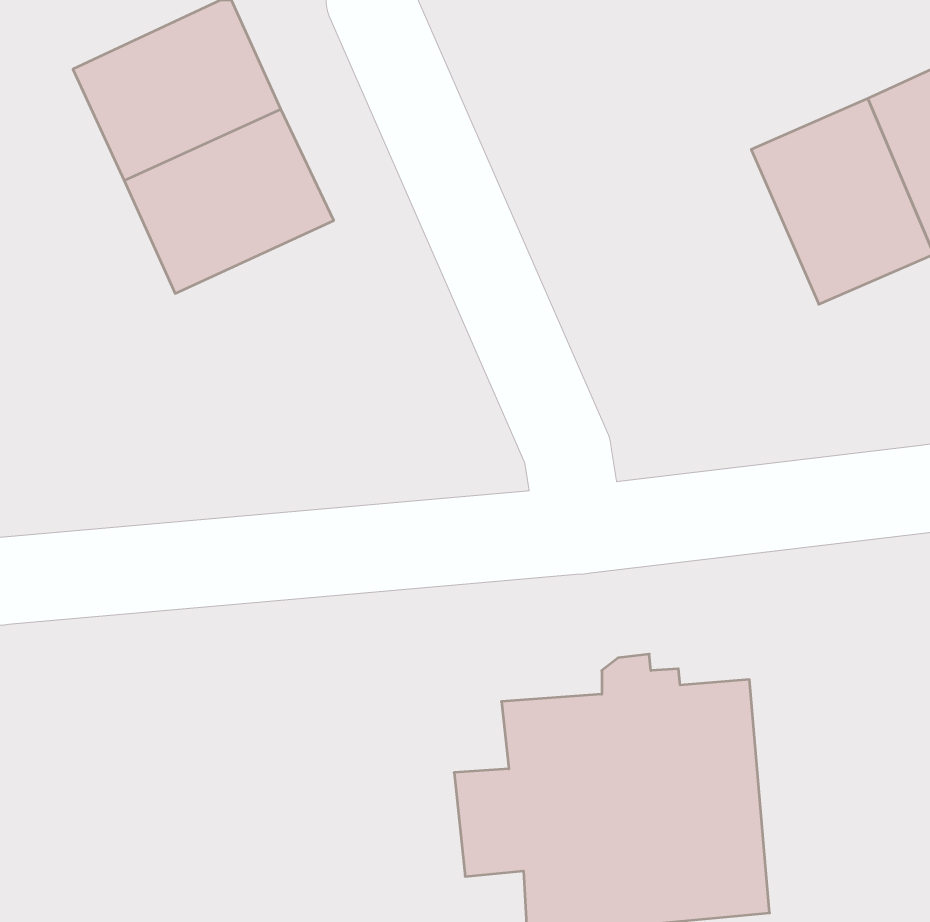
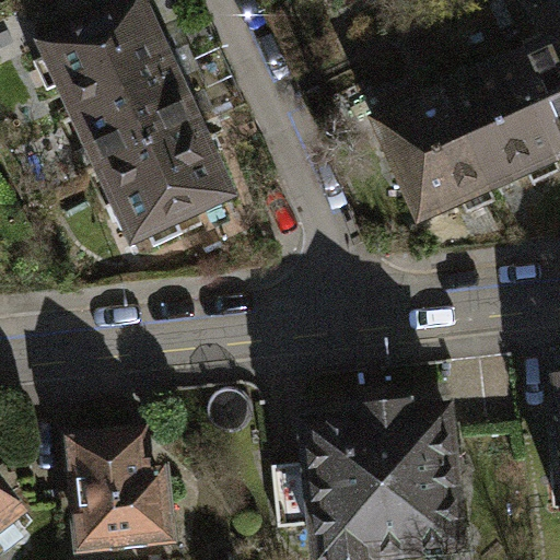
building: none -> [381,95,492,219]
building: none -> [106,138,232,249]
building: none -> [63,440,171,545]

